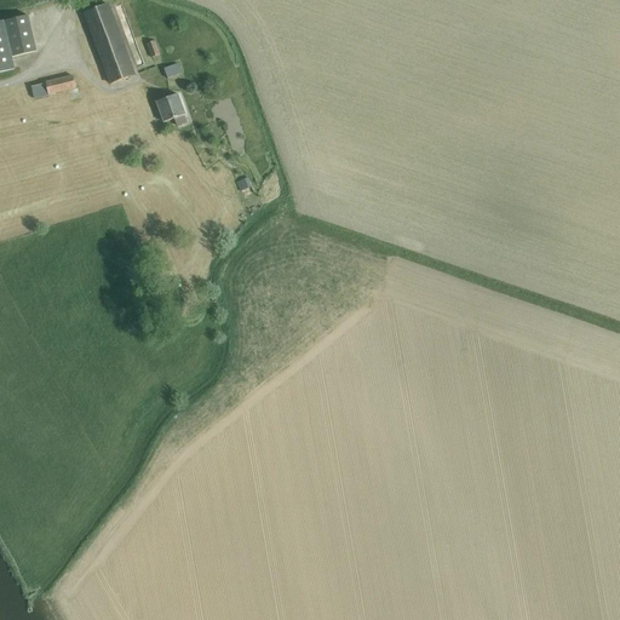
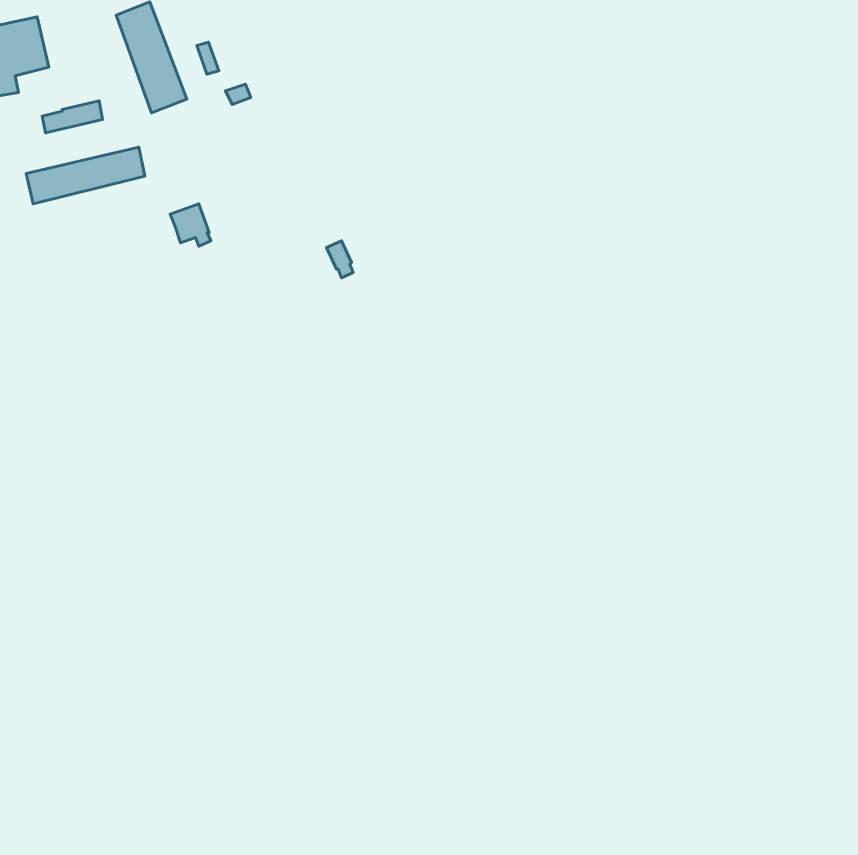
building: [157,96,186,126] -> [170,204,211,246]
building: none -> [26,147,145,204]

